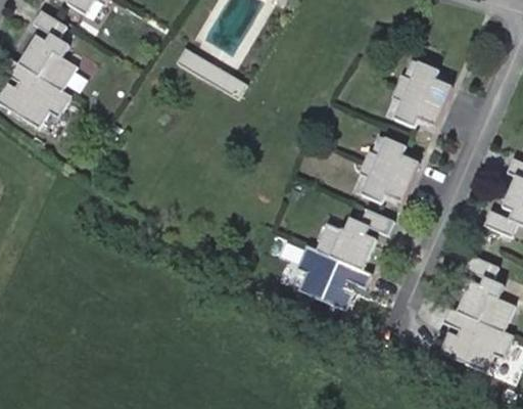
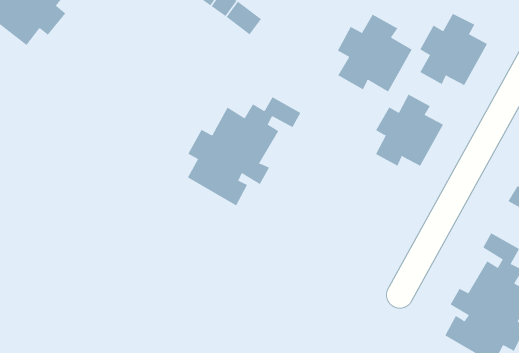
building: none -> [337,14,412,93]
building: [296,210,395,312] -> [187,96,301,206]

